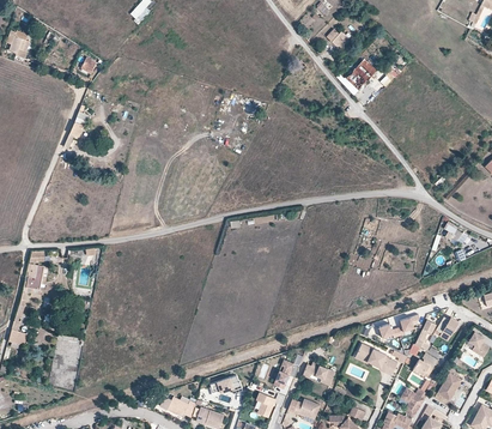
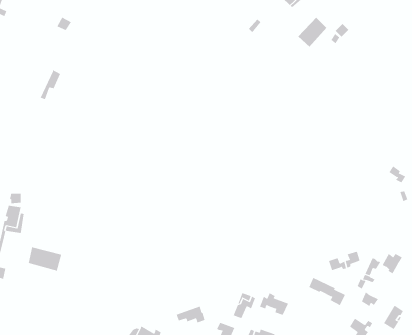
building: none -> [28,246,62,272]

